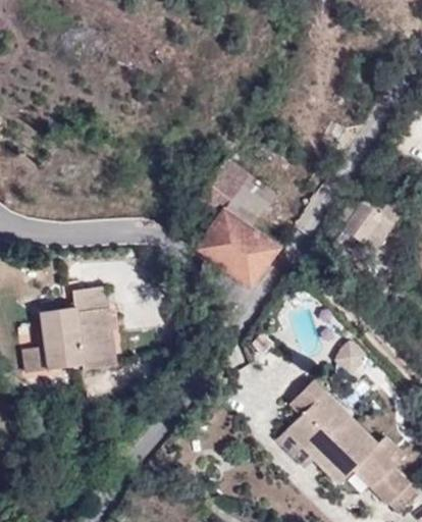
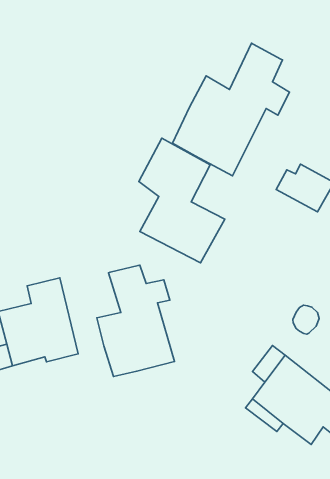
building: none -> [172,43,289,176]
building: none -> [97,265,174,377]

